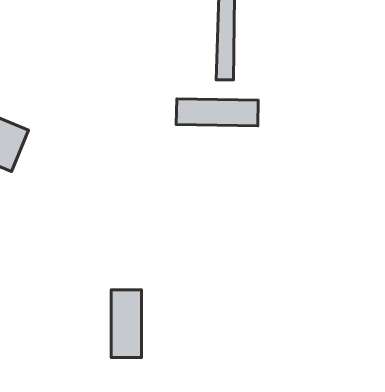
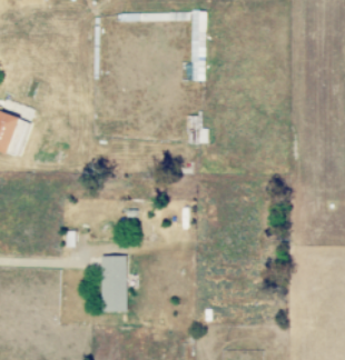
building: [176,99,258,126] -> none

